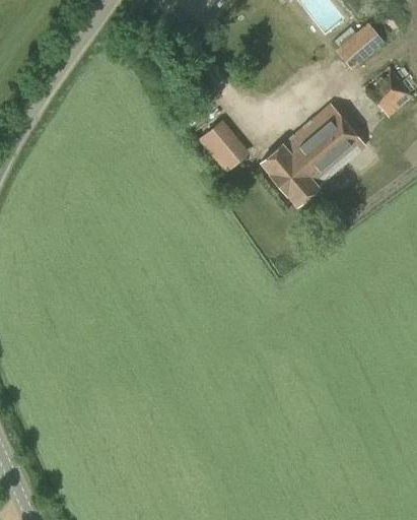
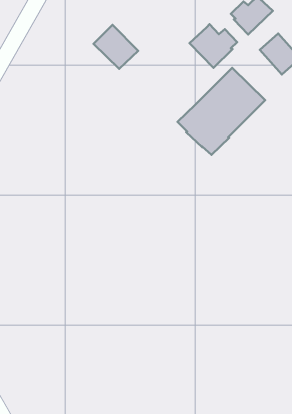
building: none -> [189,24,237,68]
building: [199,120,251,173] -> [93,25,138,69]

